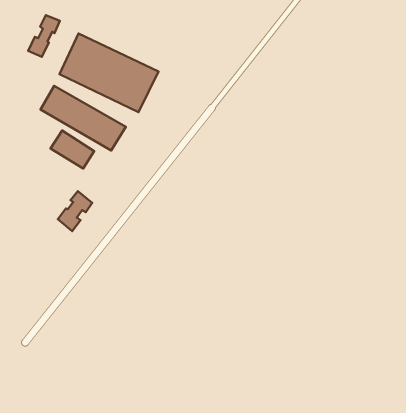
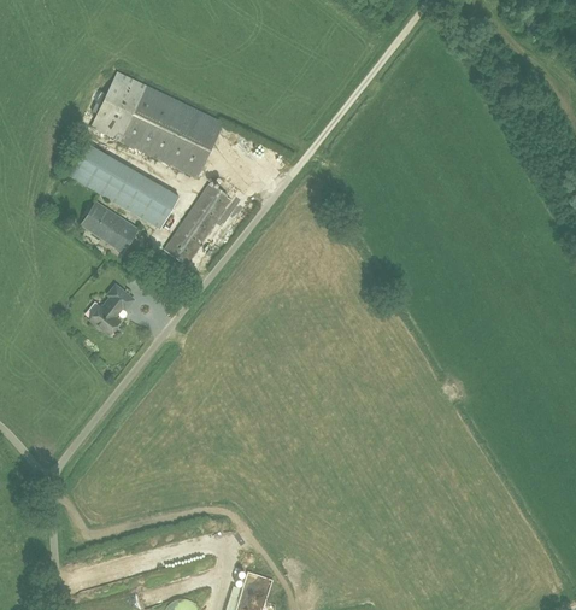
building: [28,15,60,57] -> none
building: none -> [164,184,229,265]

